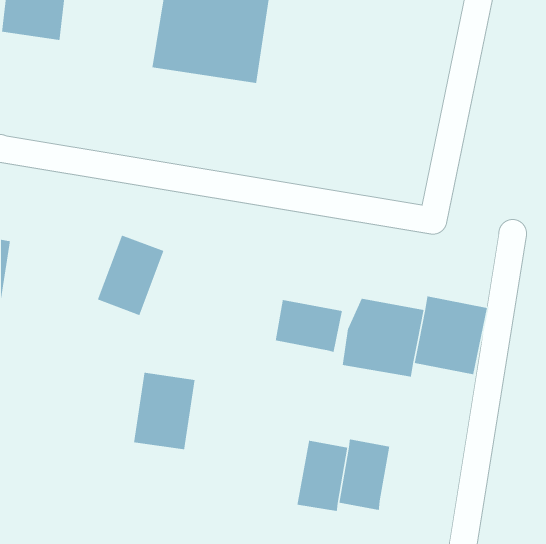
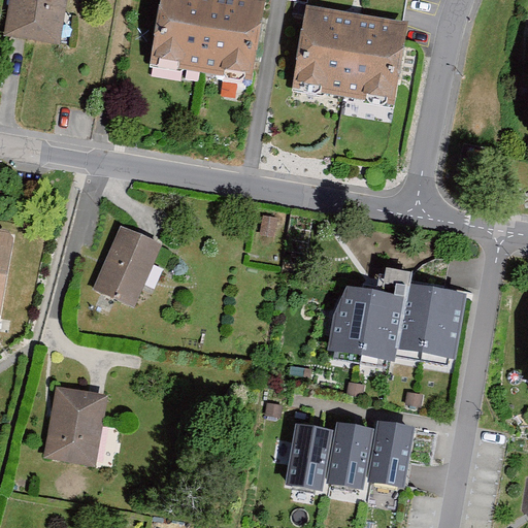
building: none -> [289,4,402,104]
building: [275,299,343,353] -> none
building: [133,372,195,450] -> [44,387,104,462]
building: none -> [368,421,419,488]

